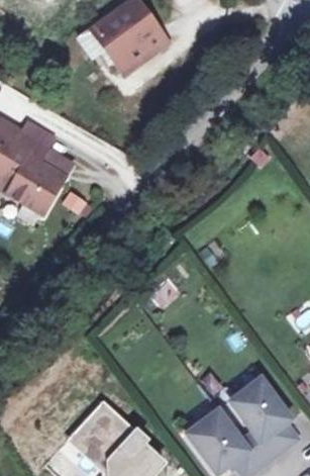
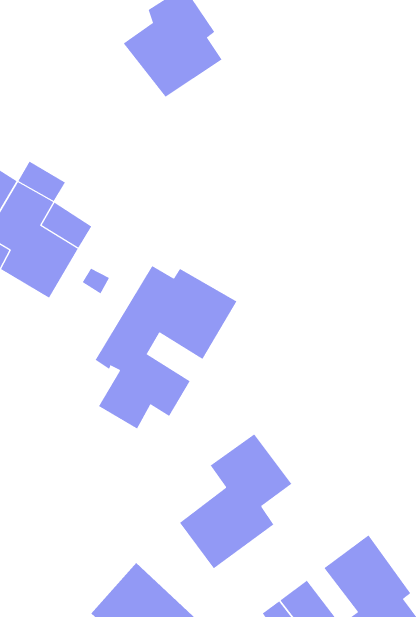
building: none -> [95,265,237,429]
building: none -> [179,433,292,569]

